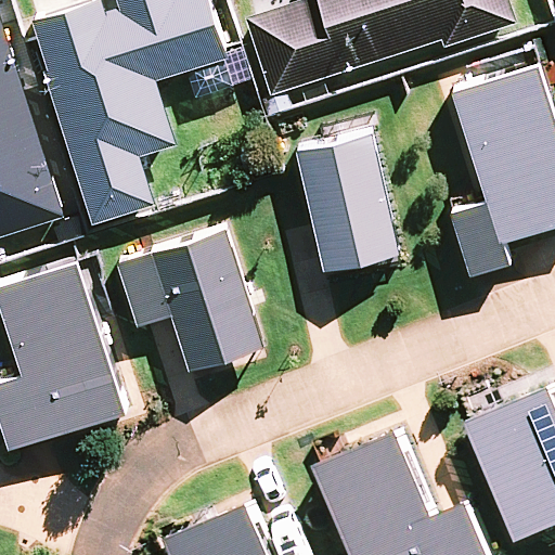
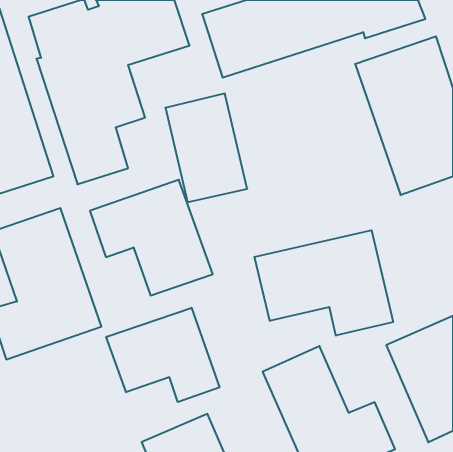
building: [288,127,388,259] -> [165,94,247,202]
building: none -> [254,230,393,336]
building: none -> [106,308,219,402]

